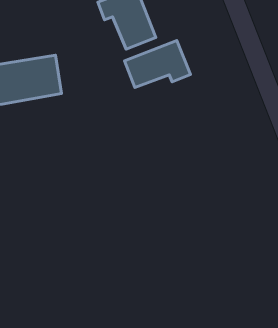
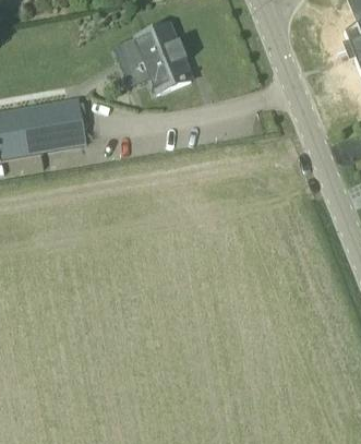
building: [125,40,190,87] -> none

